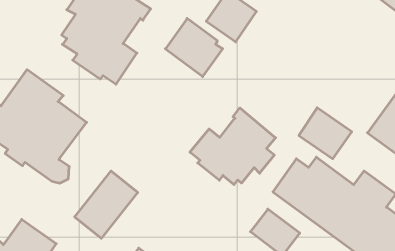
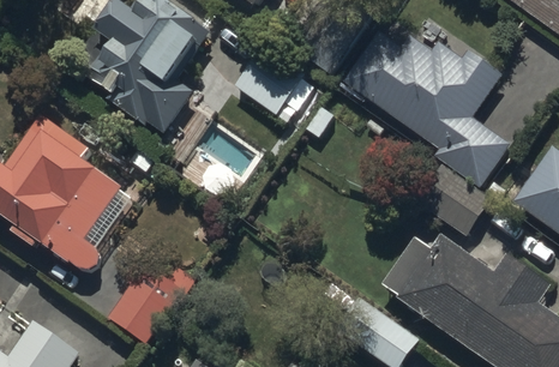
building: none -> [342,36,511,187]
building: [190,108,276,185] -> none

